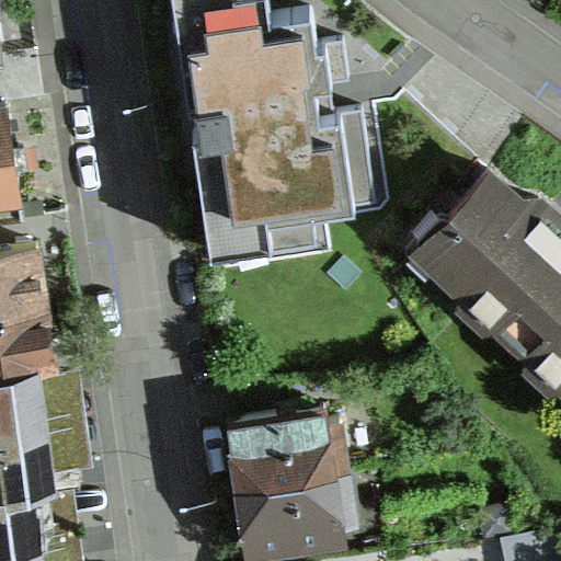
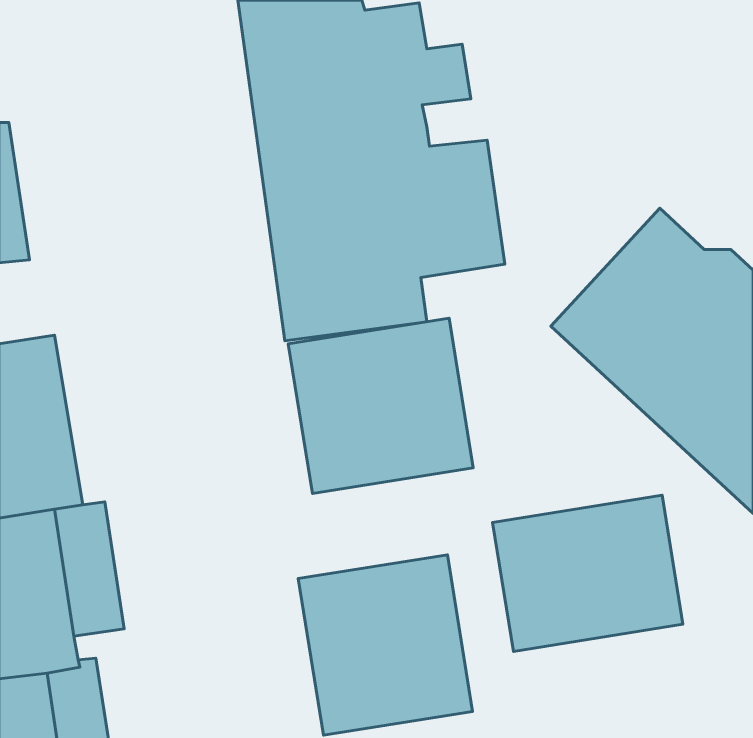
building: none -> [288,318,473,494]
building: none -> [493,495,683,652]

